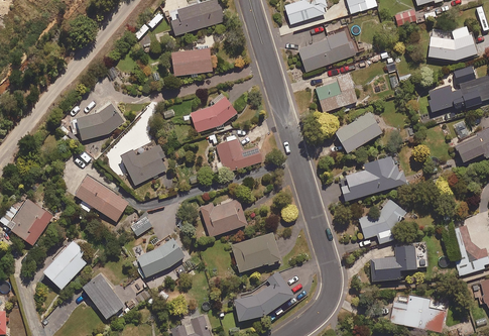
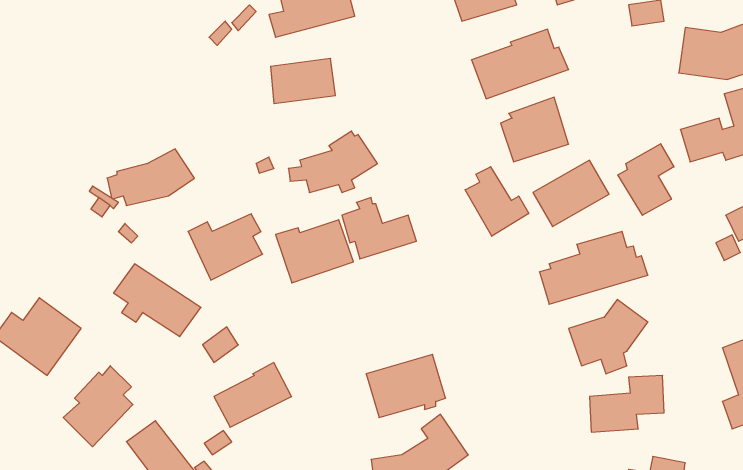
building: none -> [618,144,674,215]
building: none -> [465,167,529,236]
building: [199,198,247,237] -> [276,220,353,283]

